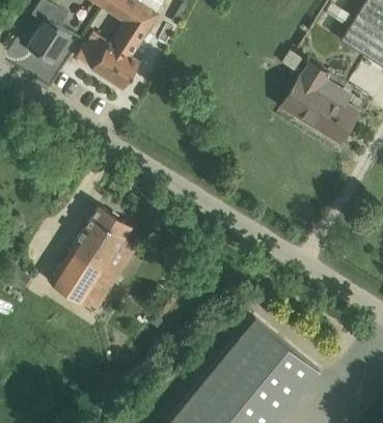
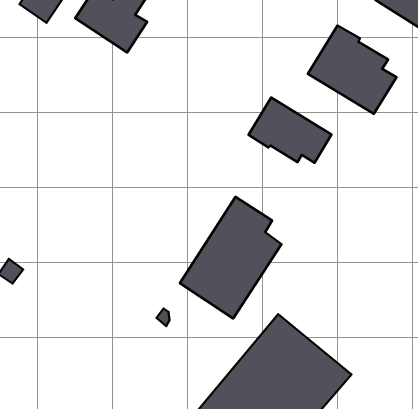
building: none -> [248,98,332,163]
building: [51,205,140,312] -> [180,197,282,318]

